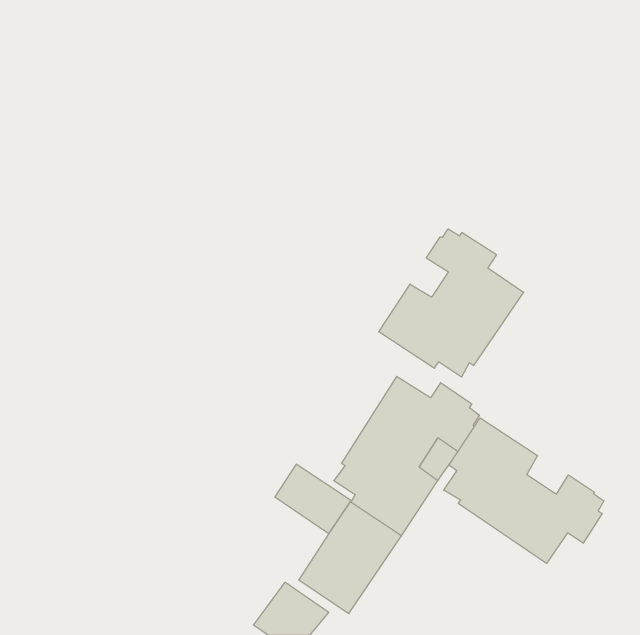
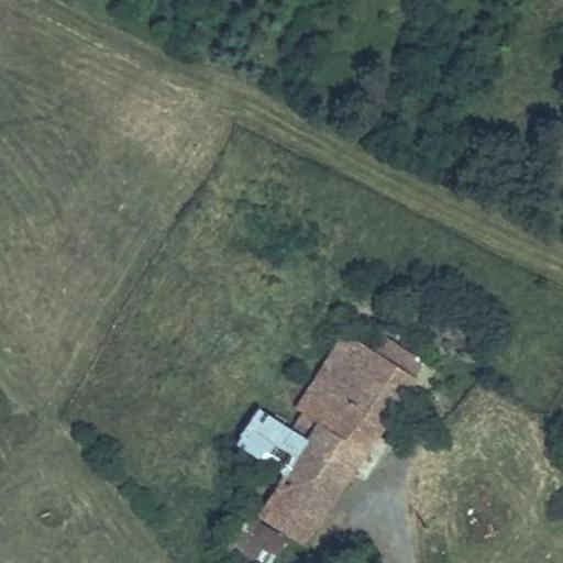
building: [379,229,524,377] -> none
building: [444,418,604,563] -> none

